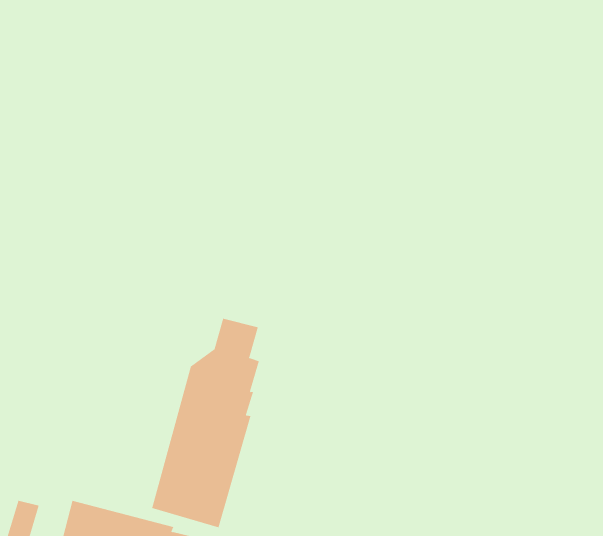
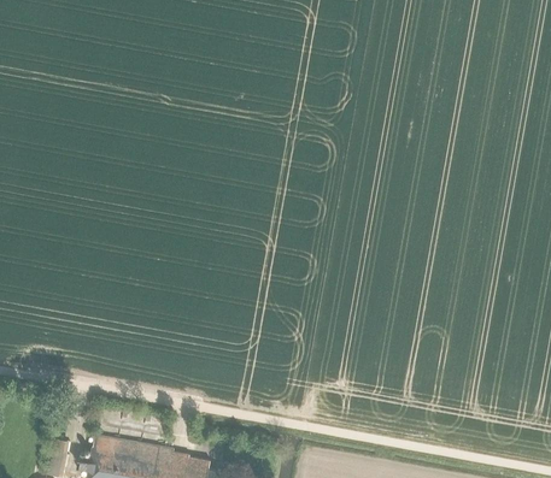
building: [151,318,259,528] -> none

